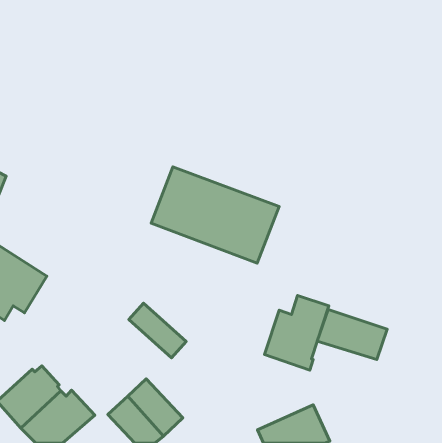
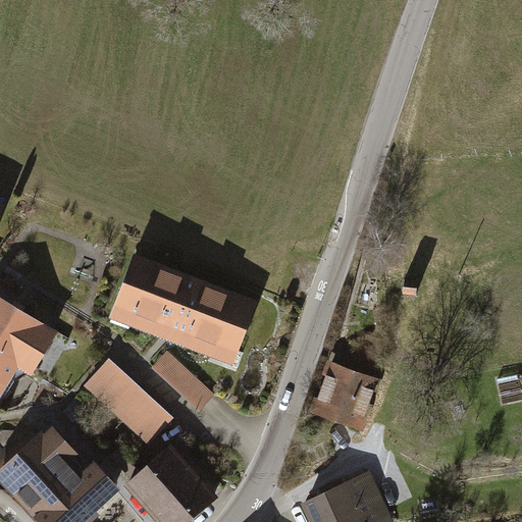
building: [151,167,279,263] -> [108,261,258,374]
building: none -> [81,354,170,440]
building: [317,310,387,359] -> none

